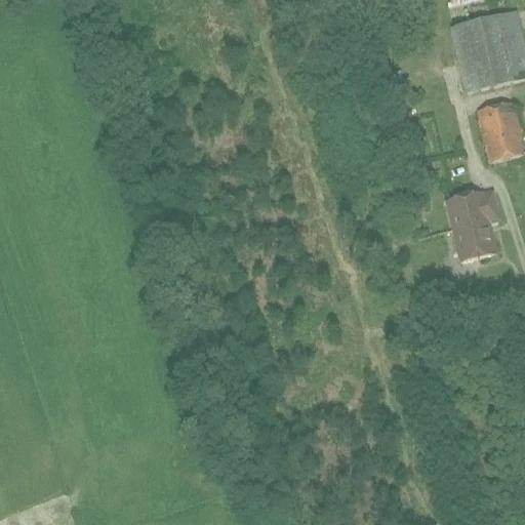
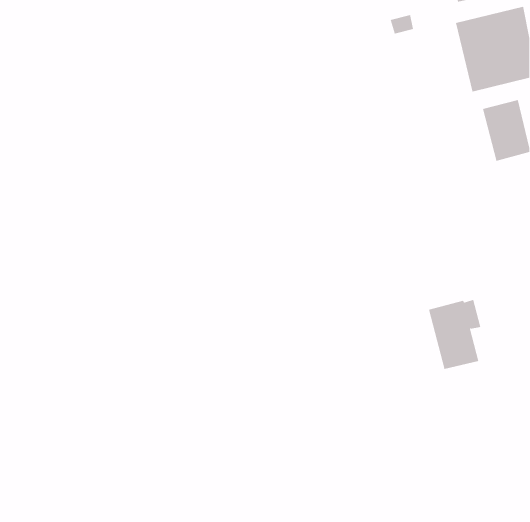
building: [447,190,499,259] -> [428,299,481,369]

